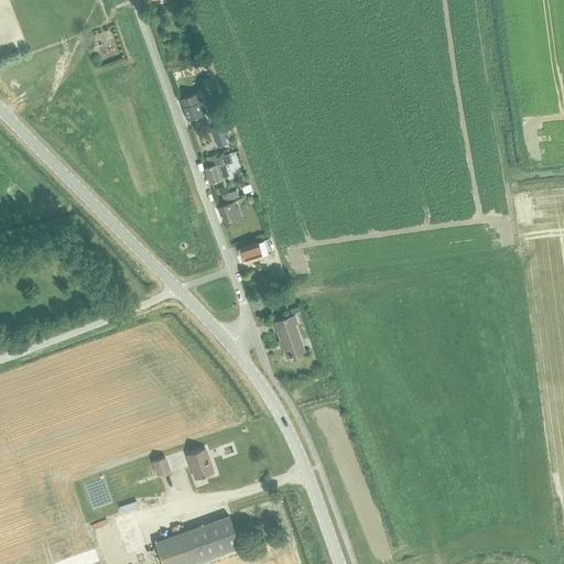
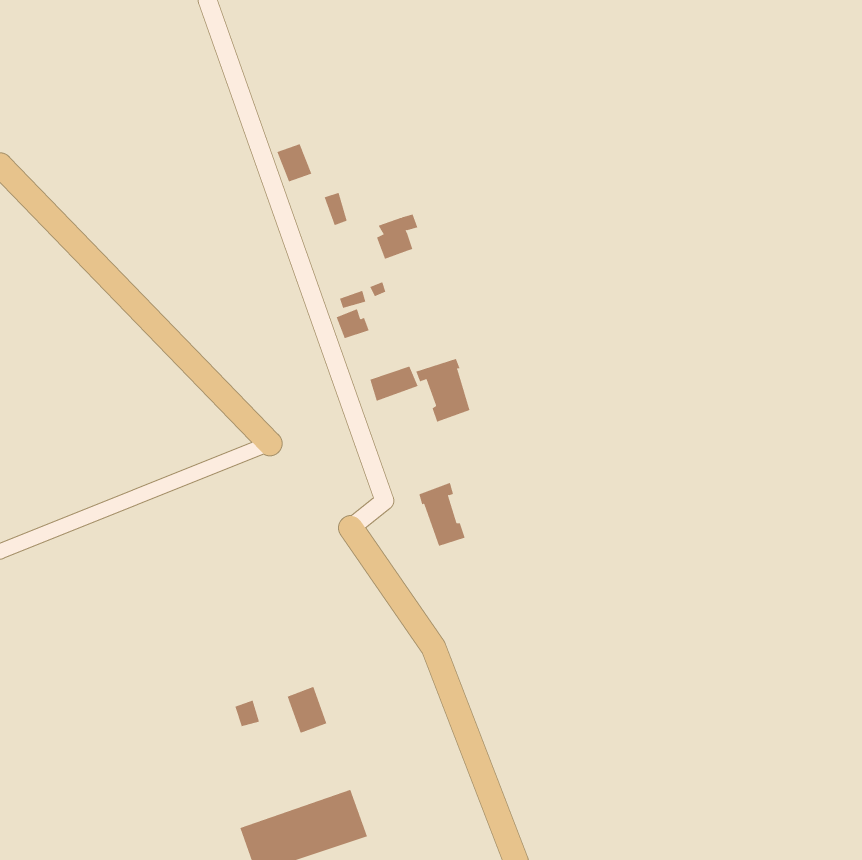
building: [205,154,232,184] -> [376,214,418,259]
building: none -> [415,358,470,422]

